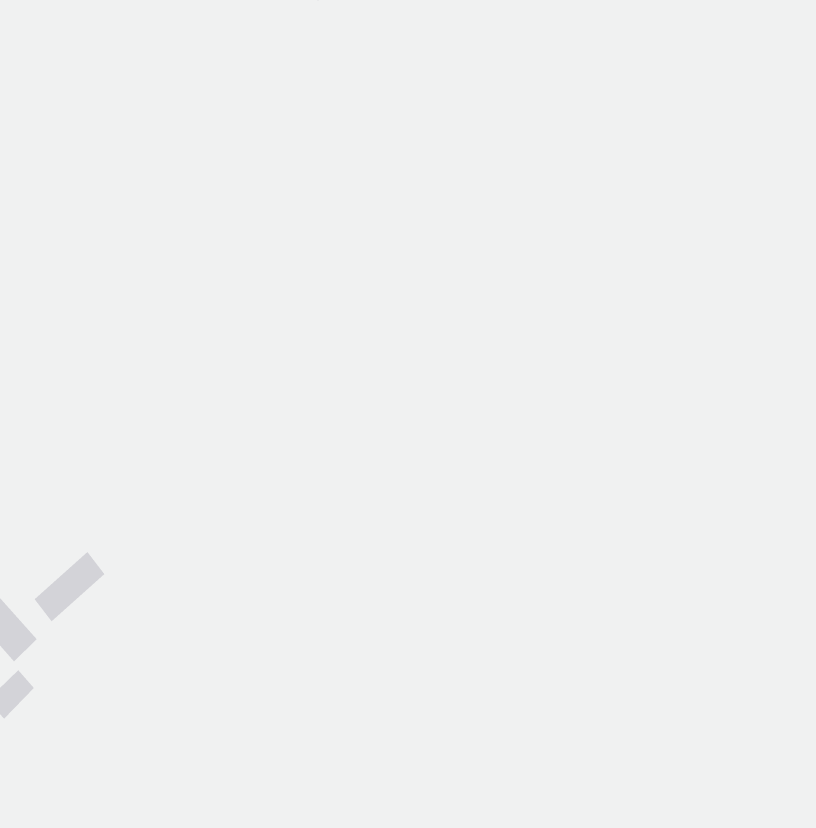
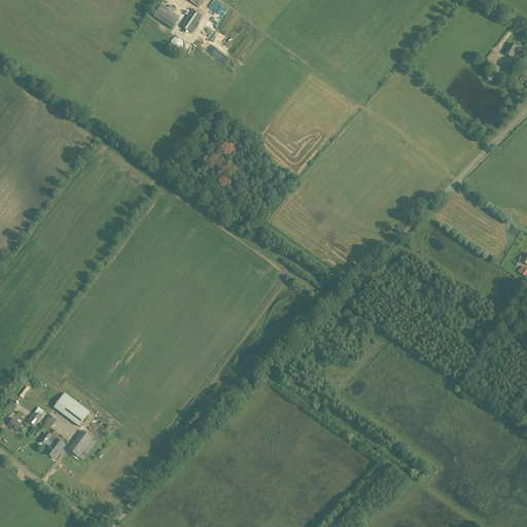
building: [34,551,105,622] -> none

